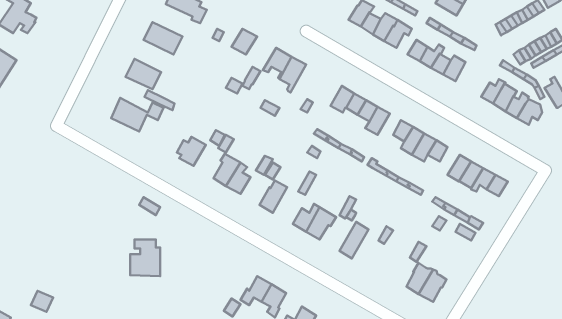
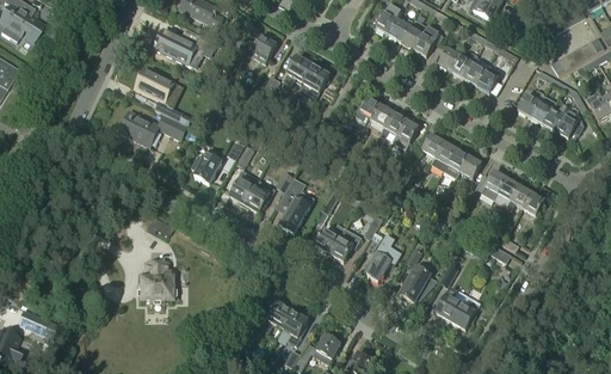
building: none -> [400,264,437,301]

